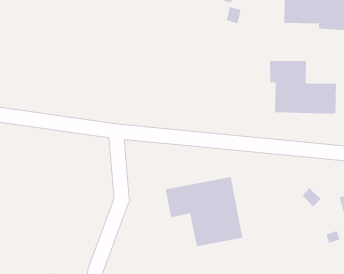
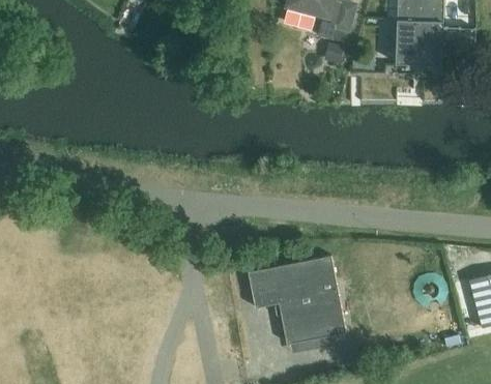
building: [269,60,337,115] -> none

